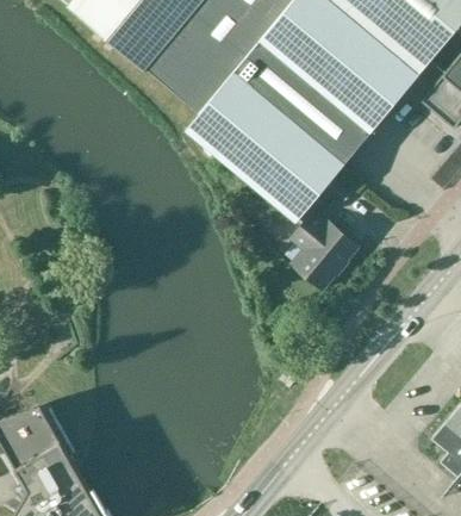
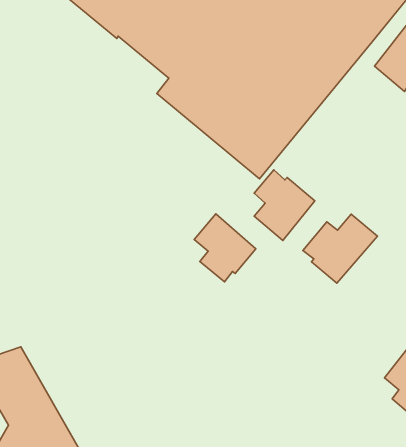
building: none -> [194,214,256,282]
building: none -> [303,214,378,283]

